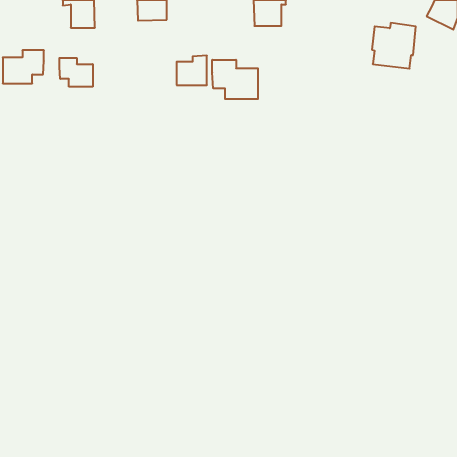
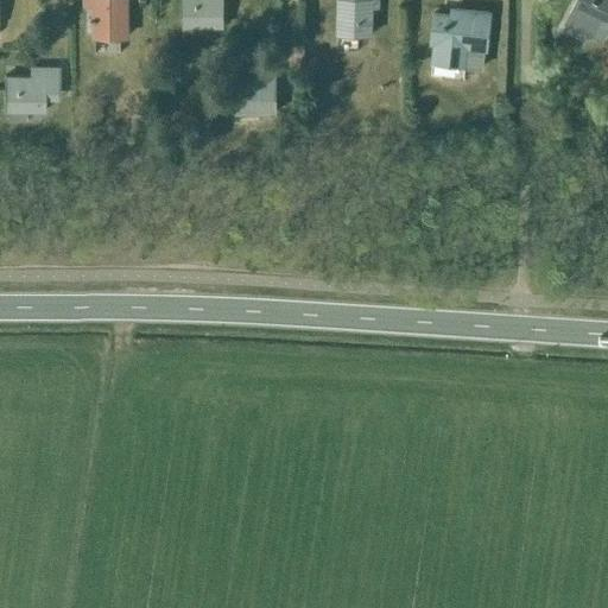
building: [372,23,416,69] -> [432,8,490,69]
building: [59,58,93,87] -> none
building: [212,60,258,99] -> none

